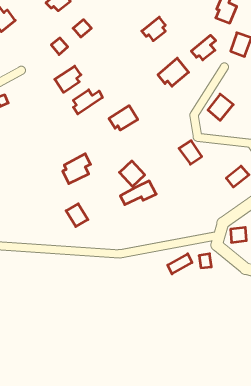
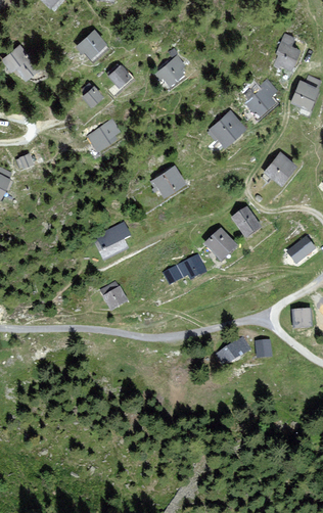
building: [142,17,165,41] -> [156,57,184,85]
building: [73,90,102,114] -> none
building: [119,161,145,186] -> [205,229,235,259]

